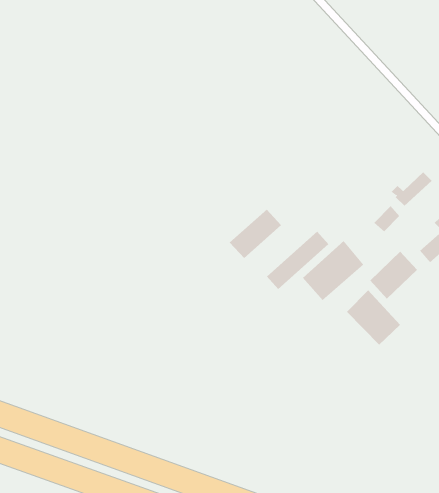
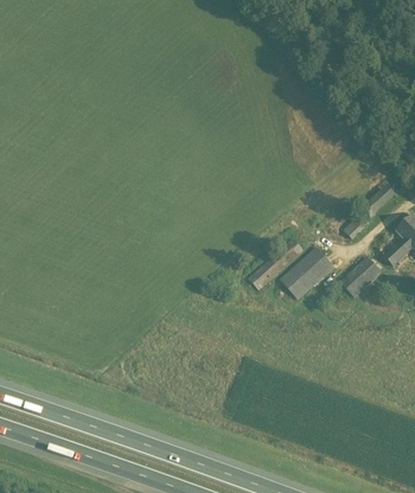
building: [229,209,282,259] -> none
building: [346,290,401,346] -> none

